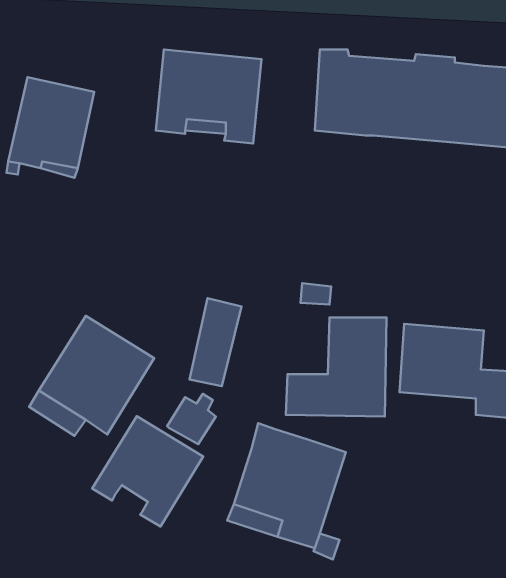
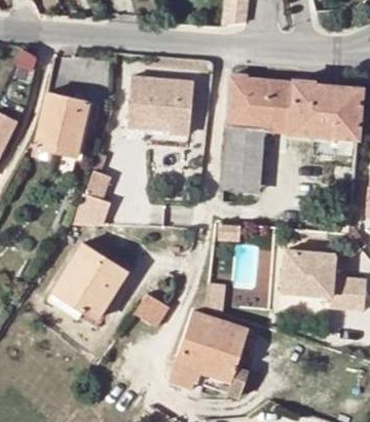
building: none -> [223,126,265,193]
building: [189,298,241,386] -> [81,168,114,224]
building: [92,416,203,526] -> none

